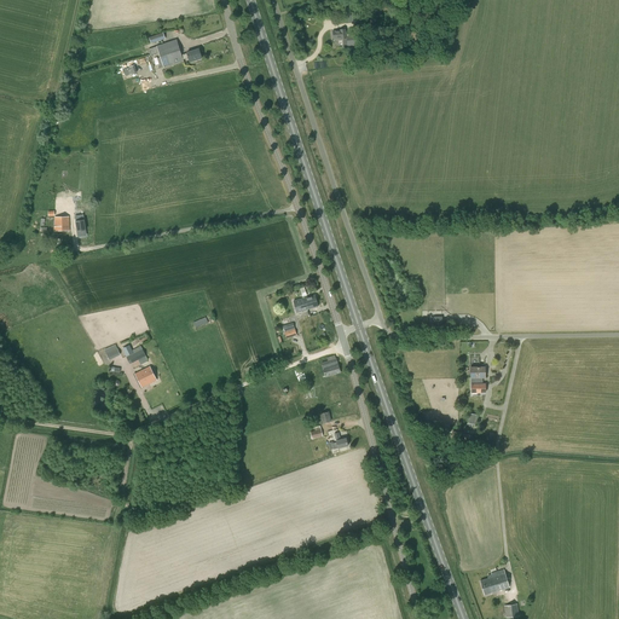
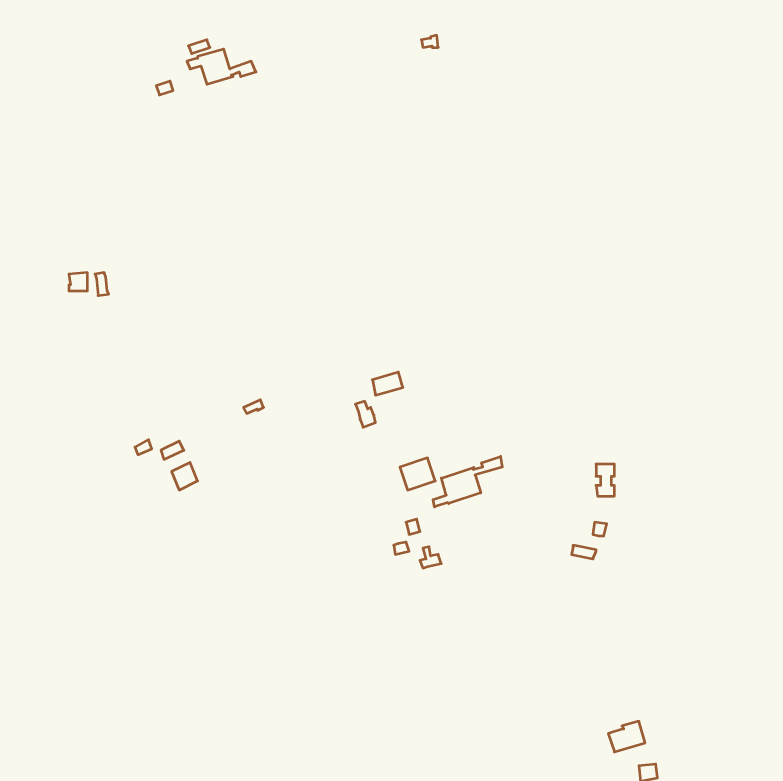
building: none -> [433,456,502,507]

